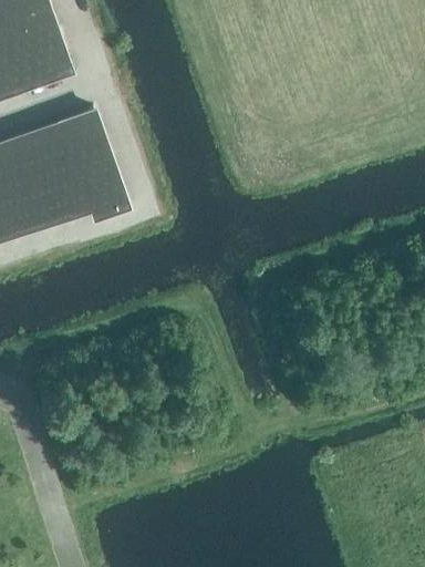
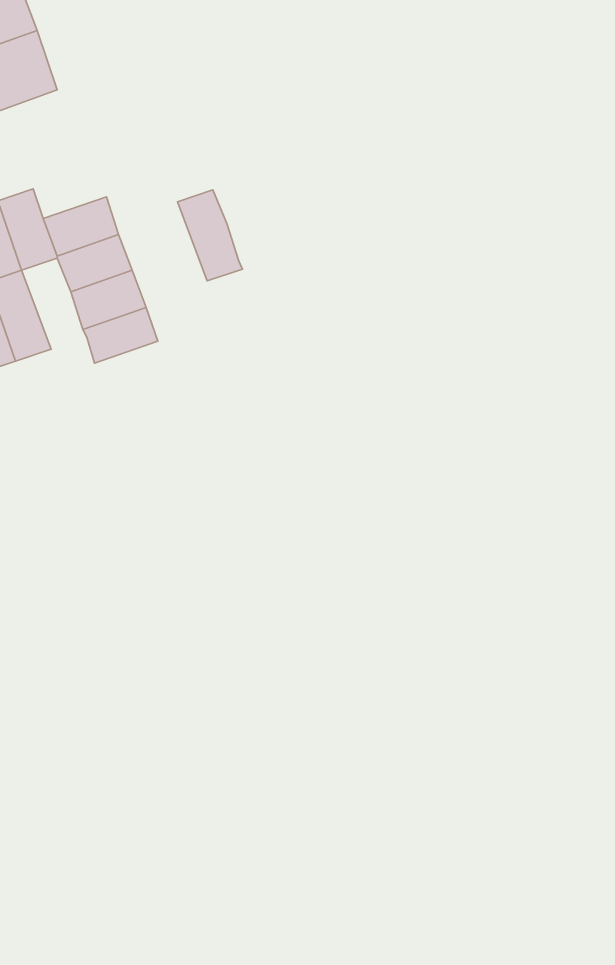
building: [59,110,101,143] -> none
building: [53,165,90,216] -> [177,190,243,281]

